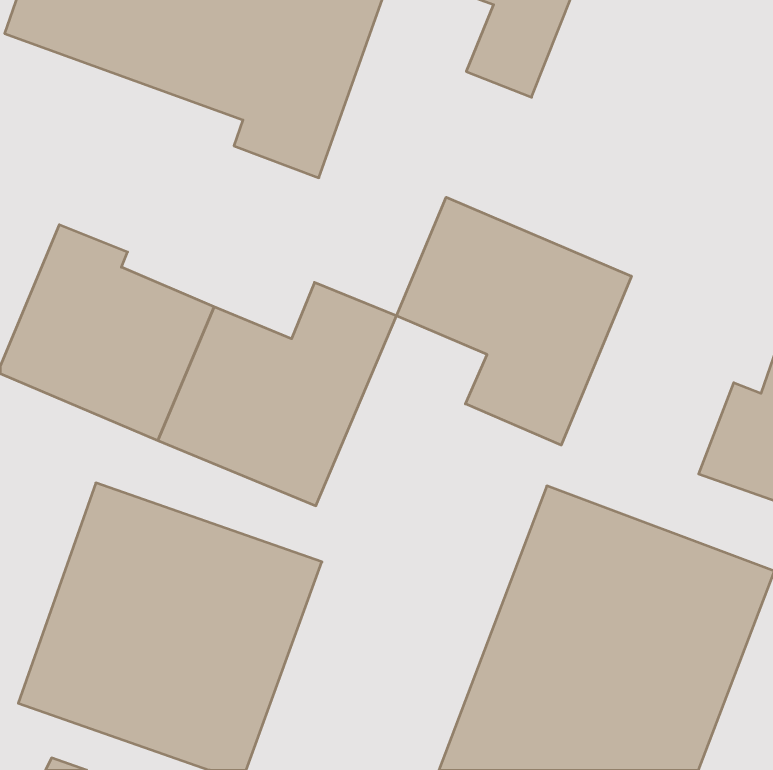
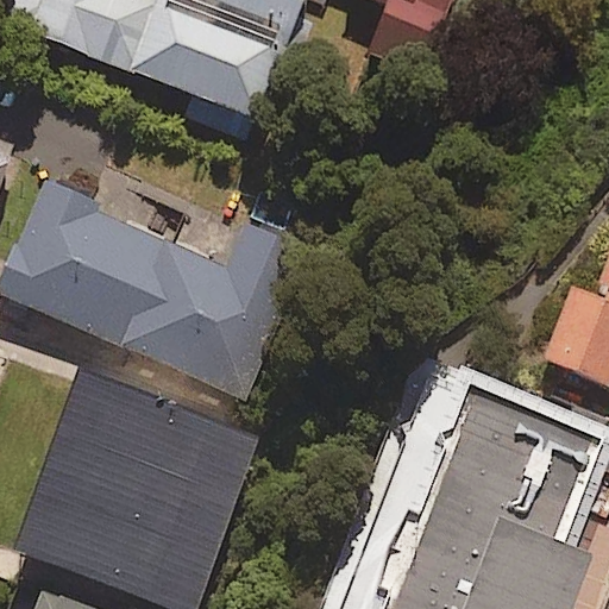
building: [396,197,631,445] -> none

